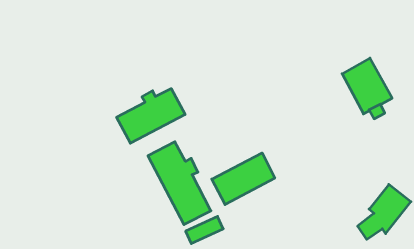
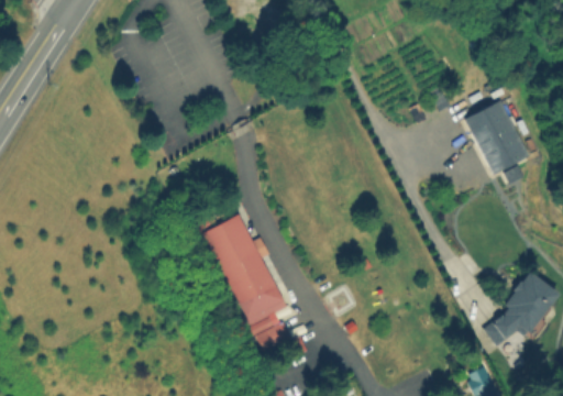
building: [117,89,185,143] -> none
building: [212,153,275,205] -> none

